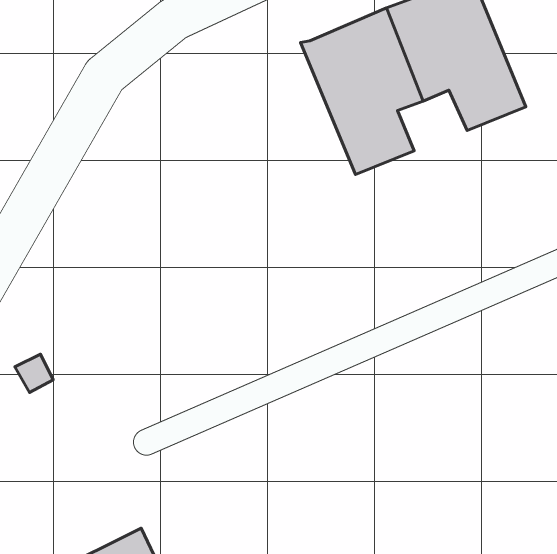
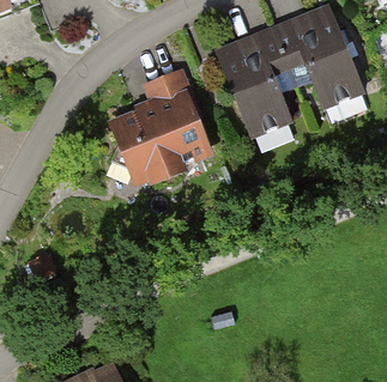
building: none -> [110,68,205,176]

